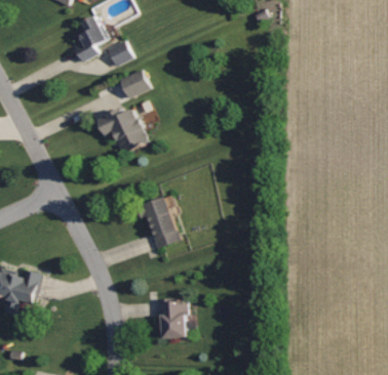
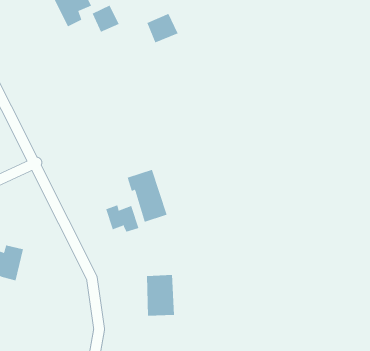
building: [119,70,150,98] -> [146,13,178,43]
building: [96,109,148,154] -> none
building: none -> [106,205,139,232]

